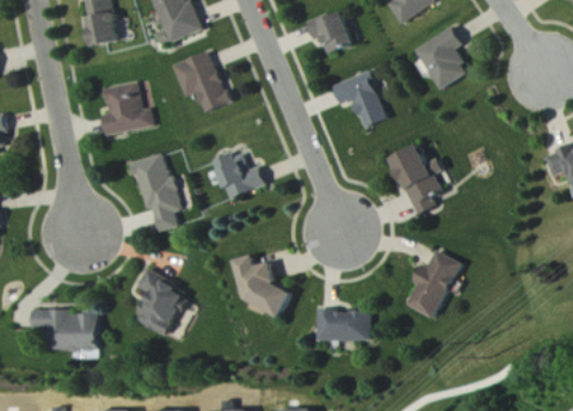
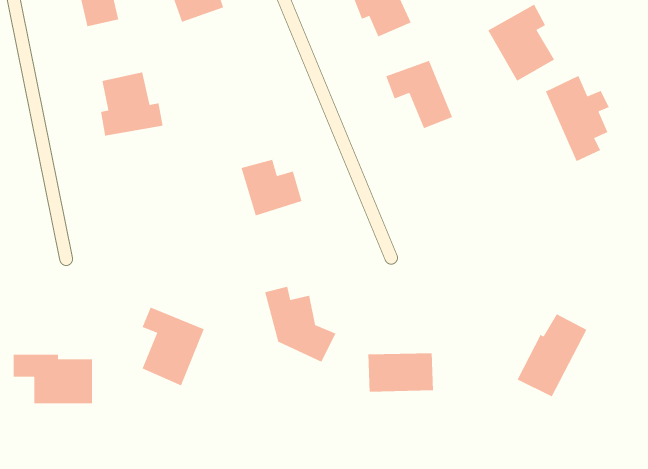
building: [172,50,229,114] -> none
building: [392,145,444,215] -> [545,75,610,162]
building: [131,154,180,231] -> none
building: [406,250,463,318] -> [517,313,588,398]

